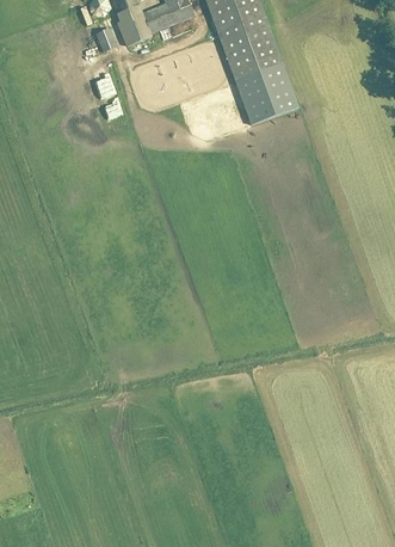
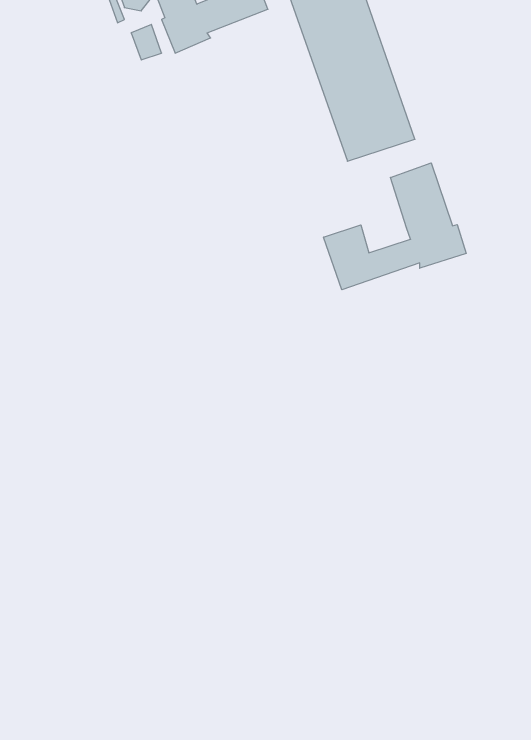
building: none -> [324,163,466,290]

